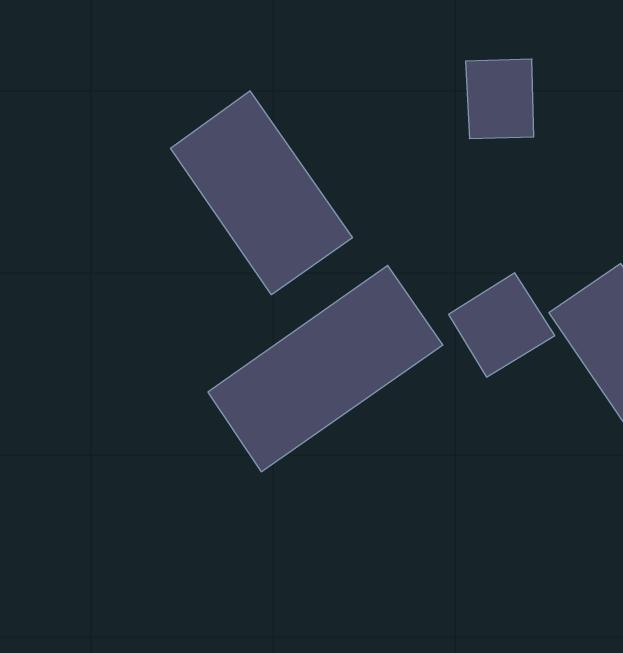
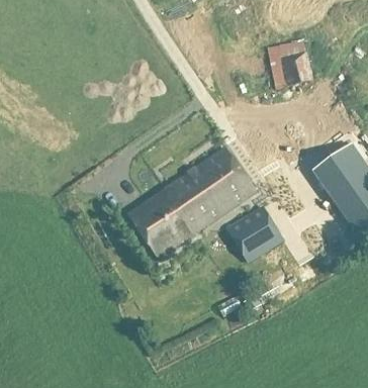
building: [171,91,352,295] -> none
building: [449,273,555,377] -> [229,205,286,261]

